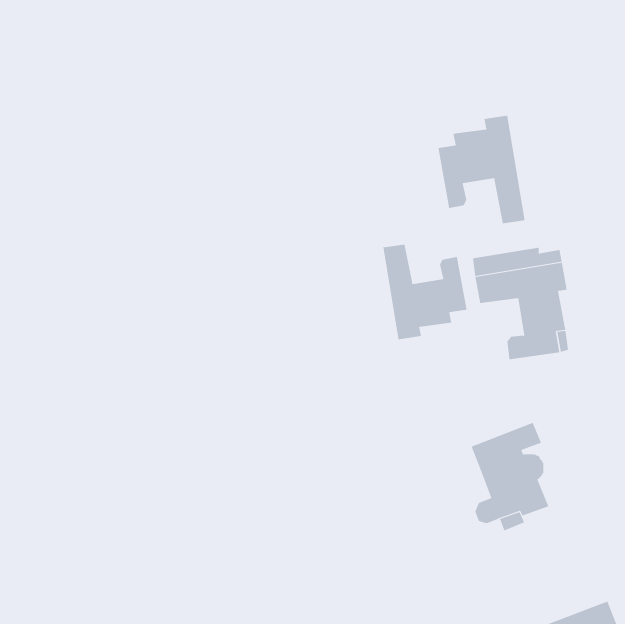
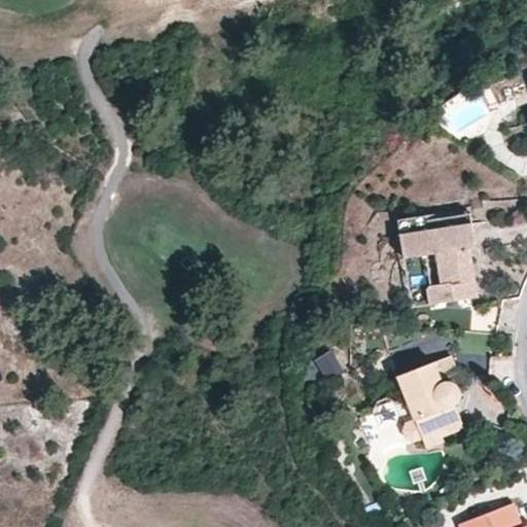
building: [438,115,525,224] -> none
building: [383,244,467,340] -> none

